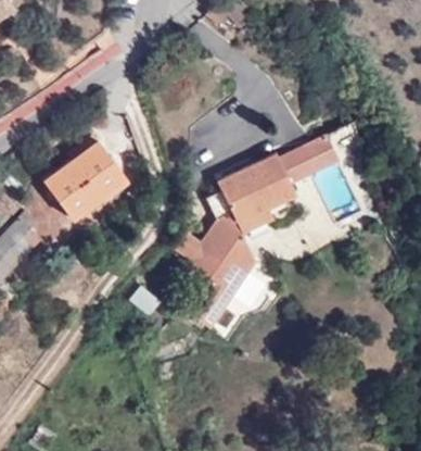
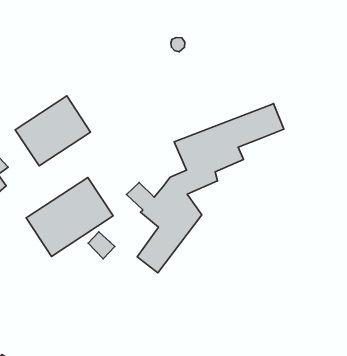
building: none -> [26,177,113,256]

